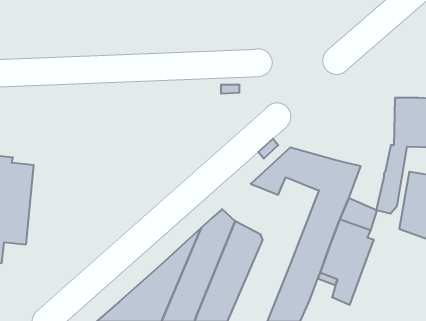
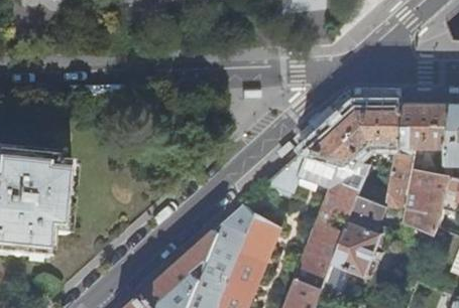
building: none -> [306,100,401,160]

